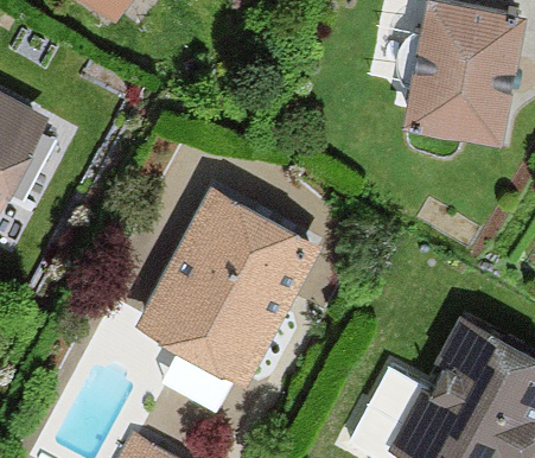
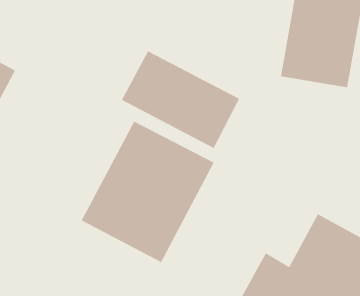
building: none -> [121,50,240,149]

